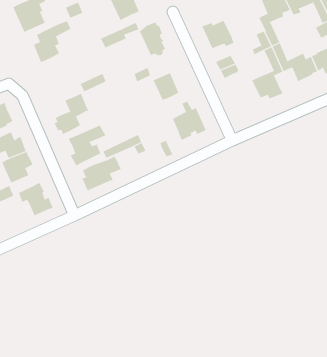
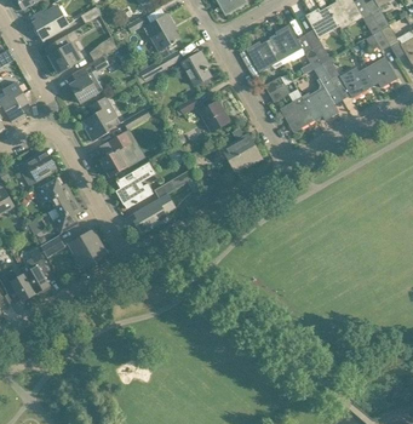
building: none -> [268,24,300,63]
building: none -> [80,96,120,141]
building: none -> [280,96,314,132]

